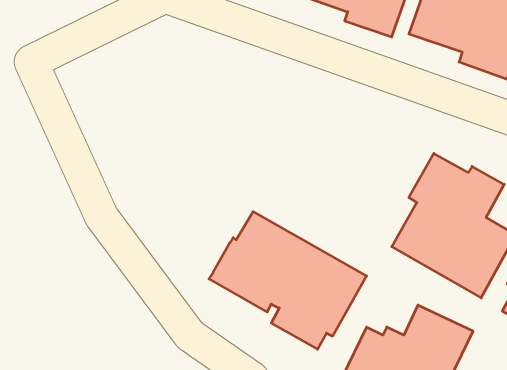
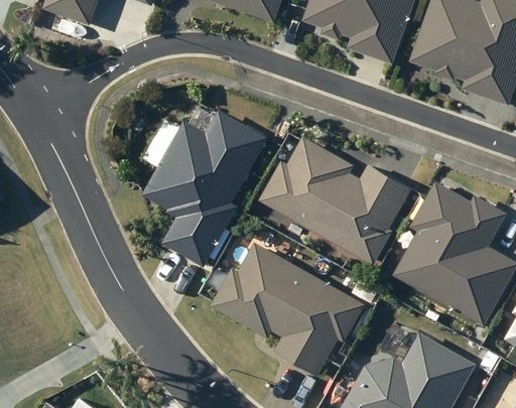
building: none -> [143,115,264,269]
building: none -> [261,139,414,266]

